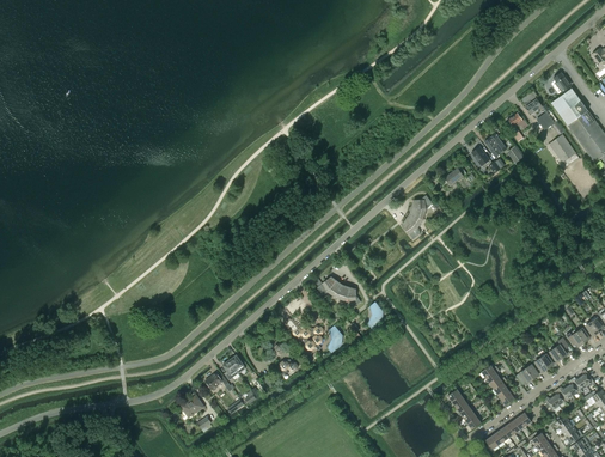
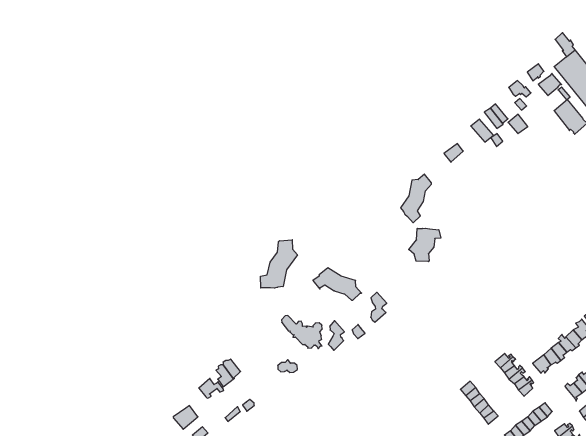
building: none -> [409,228,441,262]
building: none -> [261,240,297,288]

